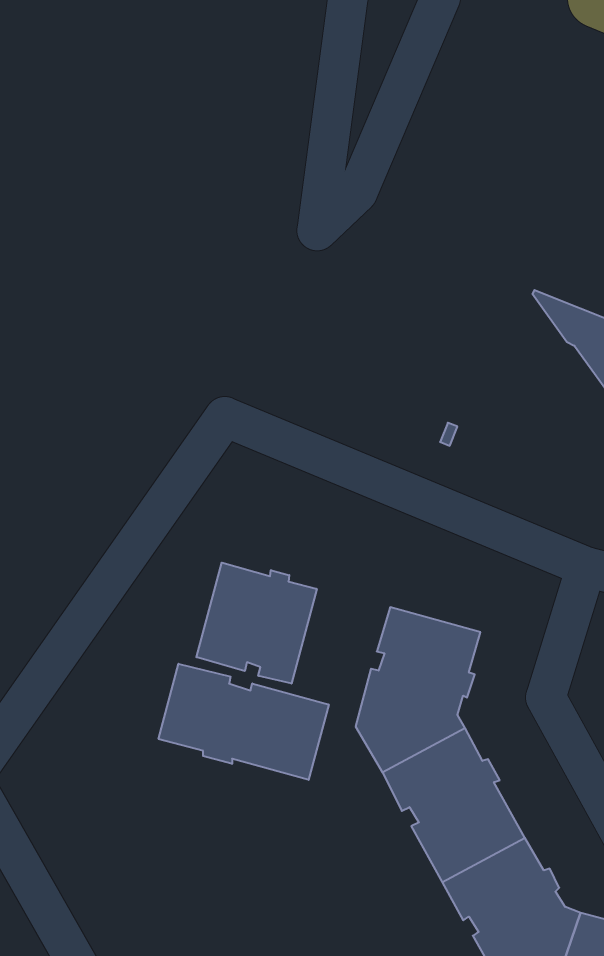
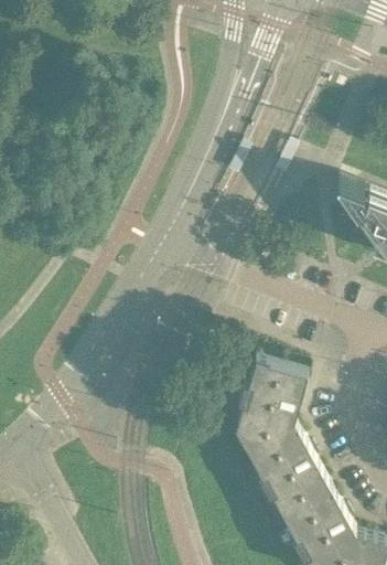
building: [196,563,317,684] -> none
building: [159,664,329,780] -> none

